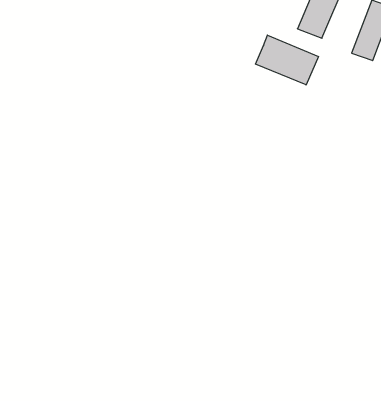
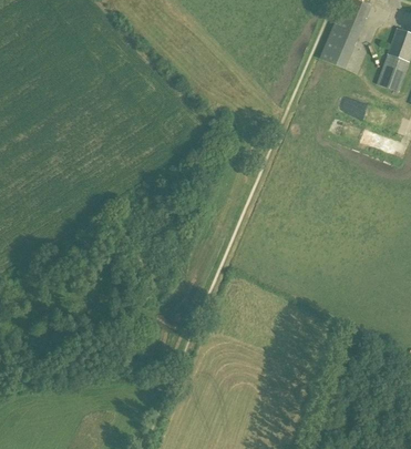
building: [255,35,319,85] -> none

